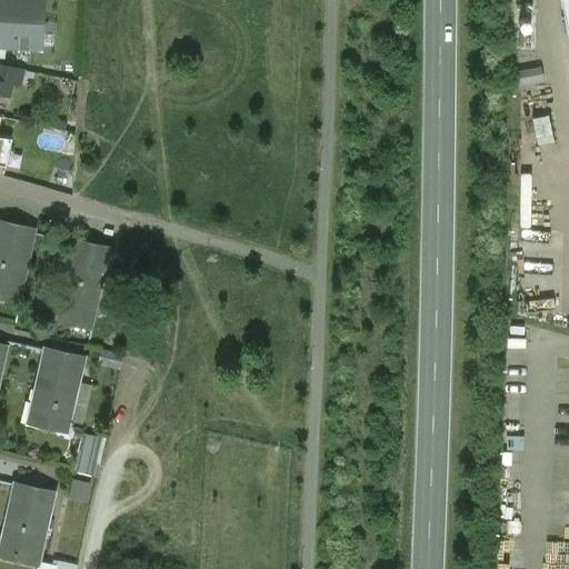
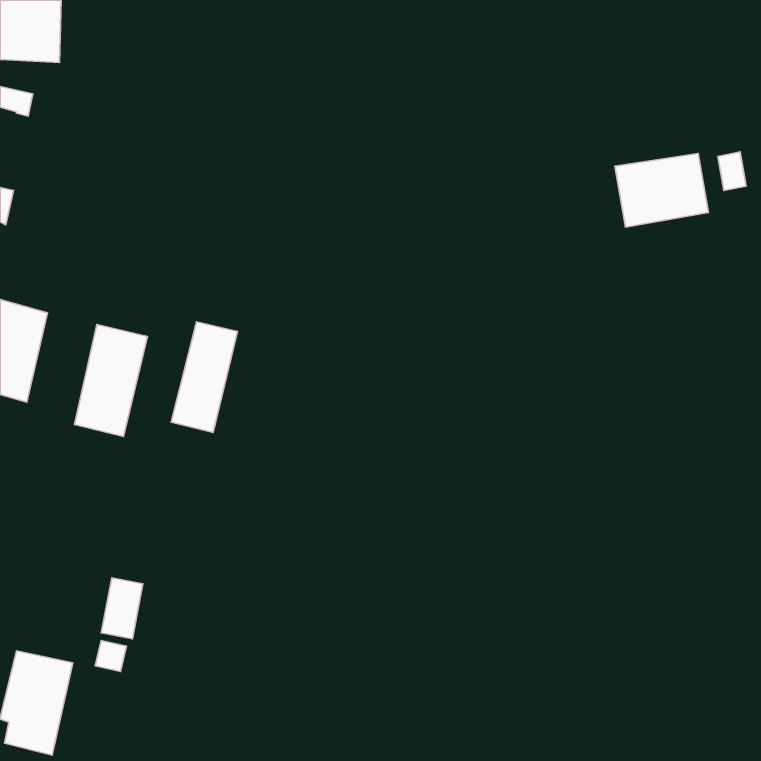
building: none -> [615,153,708,227]
building: none -> [171,322,237,433]
building: [29,350,84,428] -> none

